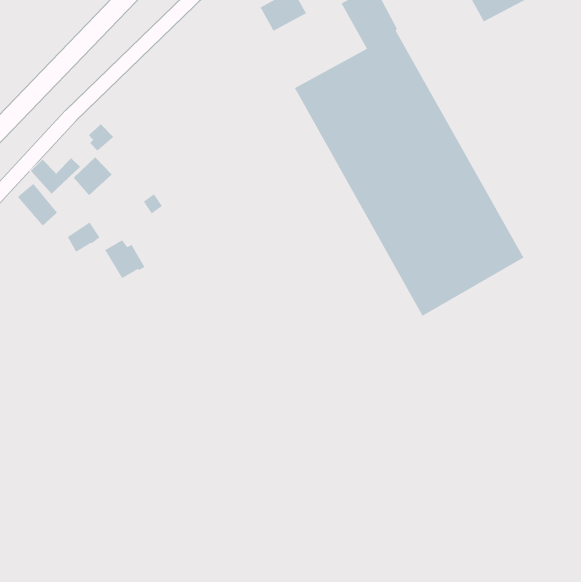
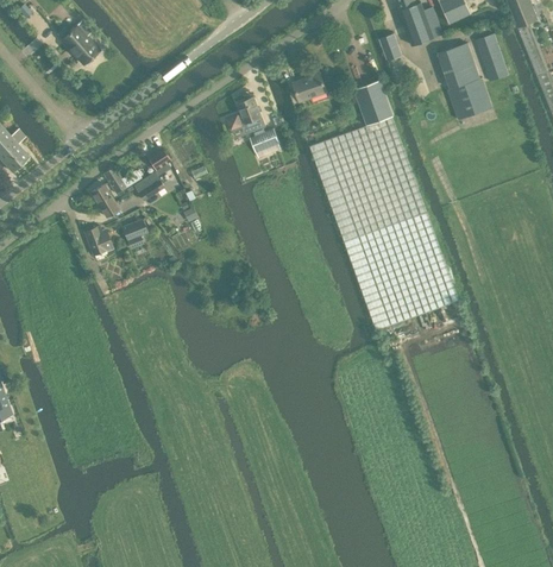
building: none -> [225,96,279,158]
building: [104,239,145,279] -> [83,225,112,254]

